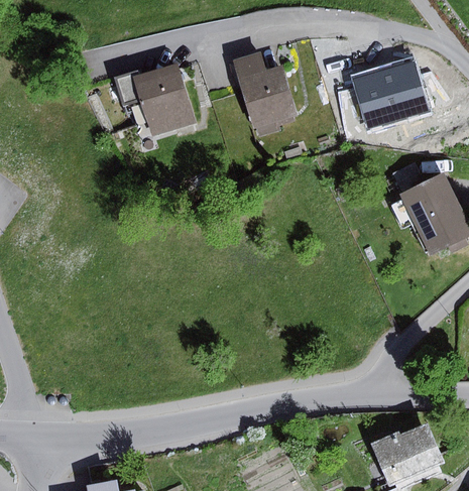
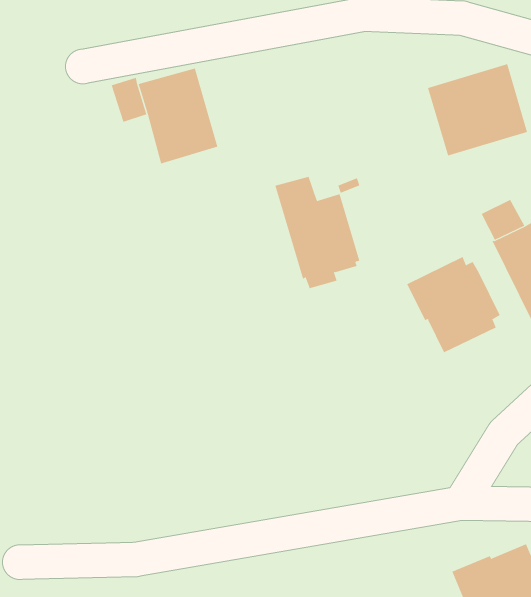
building: [232,52,297,137] -> [274,176,360,289]
building: none -> [407,256,501,353]

